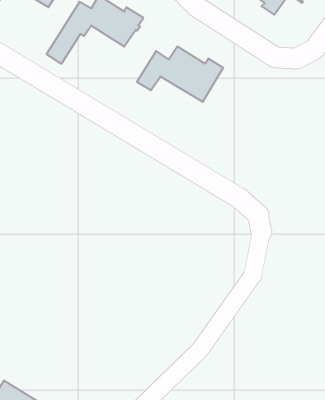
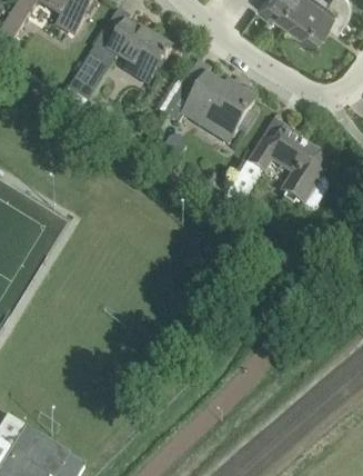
building: none -> [224,136,327,208]

